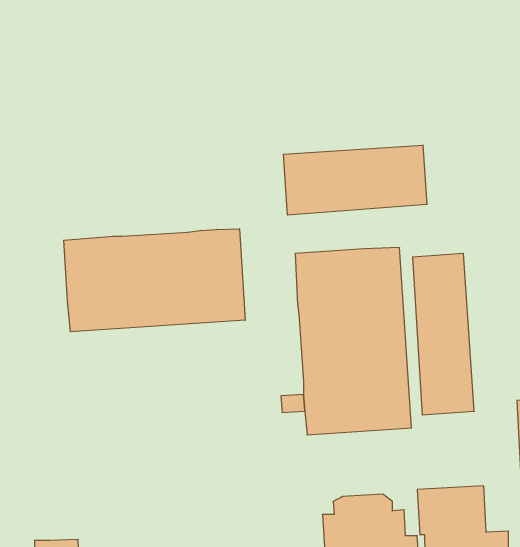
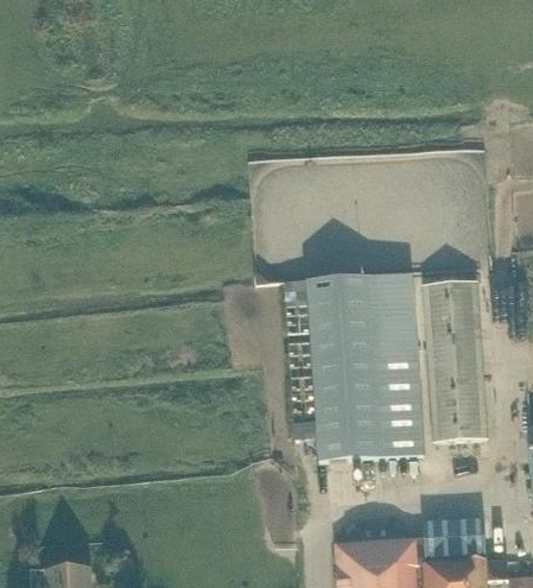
building: [284,145,427,215] -> none
building: [64,229,245,332] -> none

